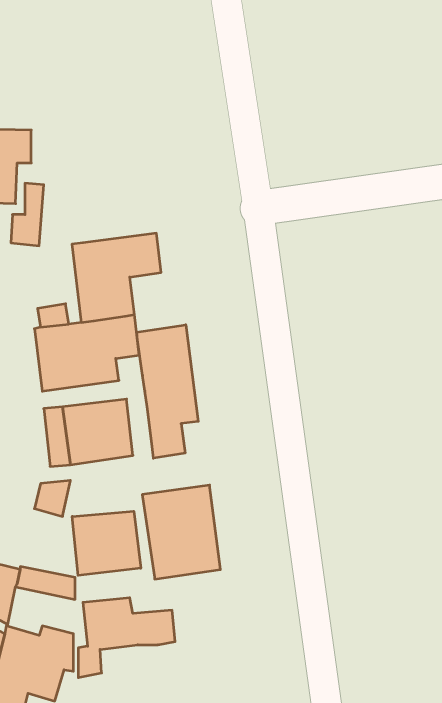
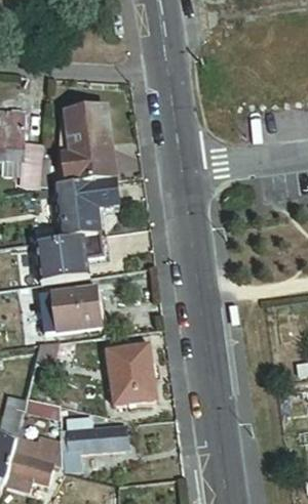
building: none -> [63,108,115,185]
building: [137,325,198,458] -> none
building: [72,511,141,575] -> none

